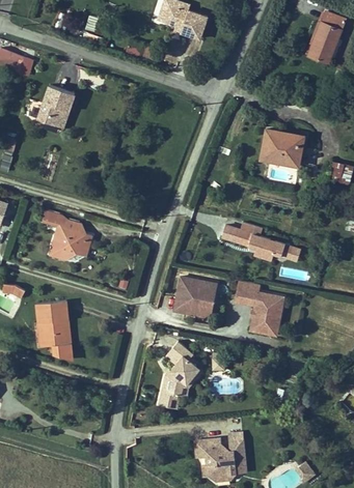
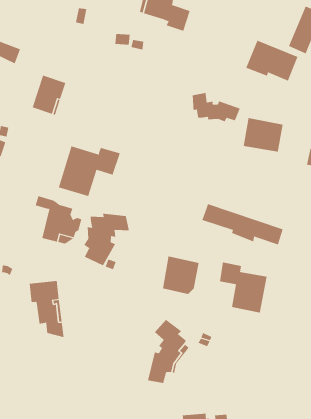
building: none -> [246,40,298,81]
building: none -> [192,92,240,122]
building: none -> [58,145,121,197]
building: none -> [84,213,129,266]

